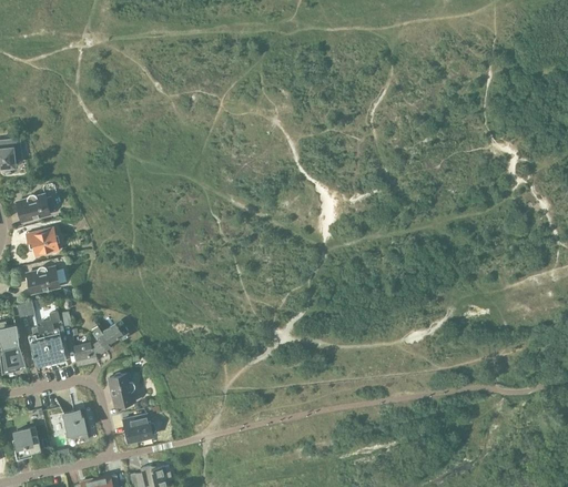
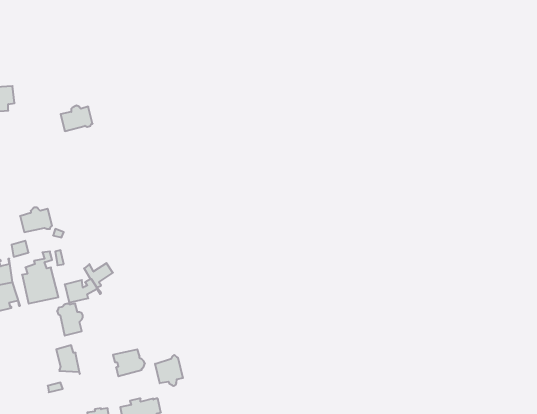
building: [16,195,49,222] -> [61,106,93,131]
building: [26,229,58,256] -> none
building: [108,374,134,407] -> [57,304,83,336]
building: none -> [155,355,183,386]
building: [12,428,40,460] -> none

